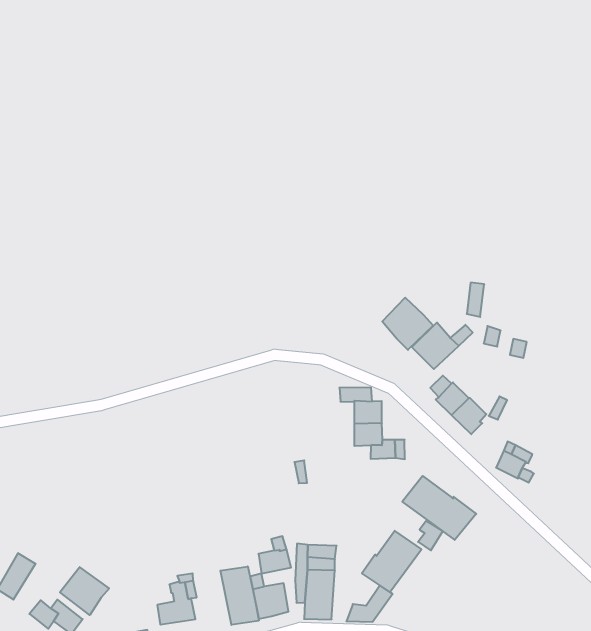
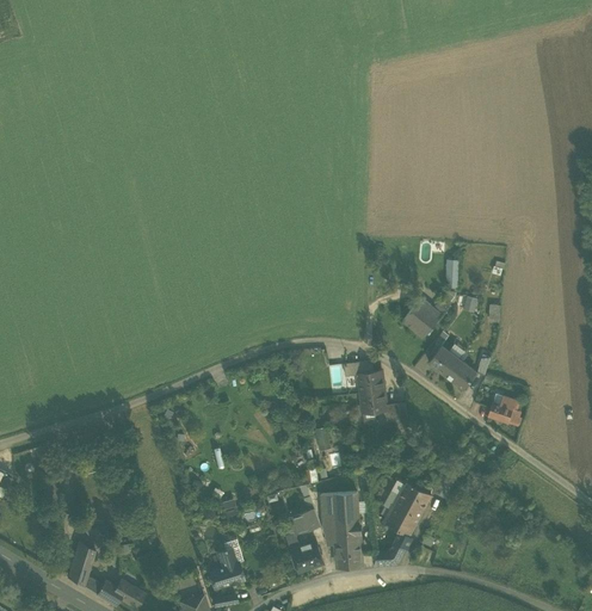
building: [382,298,433,350] -> none
building: [402,476,476,540] -> none
building: [220,566,259,625] -> none
building: [60,567,109,615] -> none

